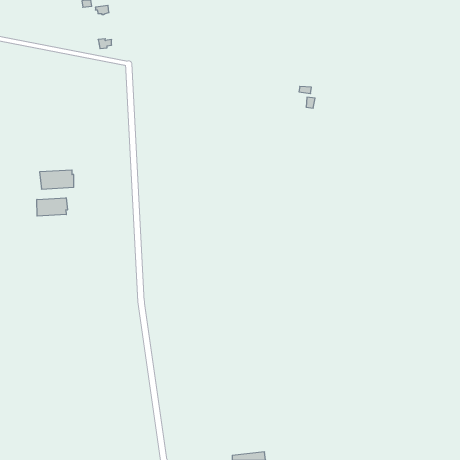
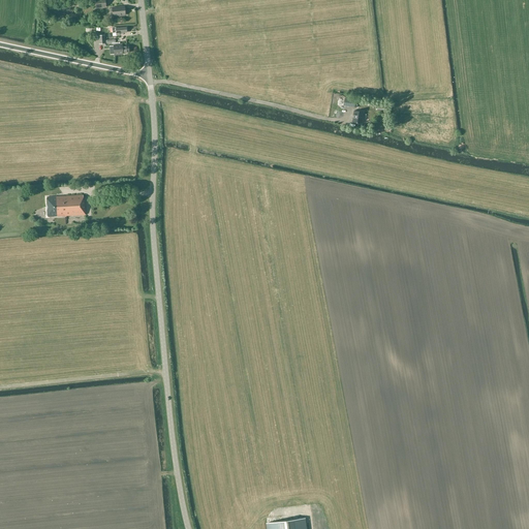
building: [37,198,67,216] -> none

